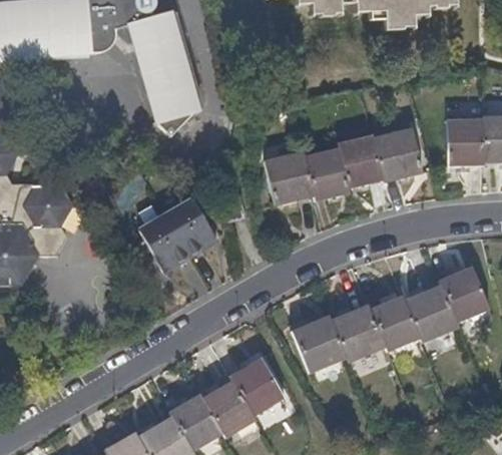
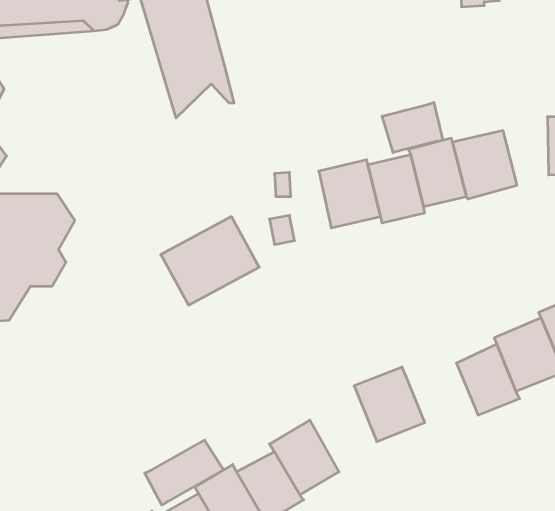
building: [152,92,194,134] -> none
building: none -> [382,102,443,153]
building: [335,308,390,366] -> none
building: none -> [145,440,223,505]

